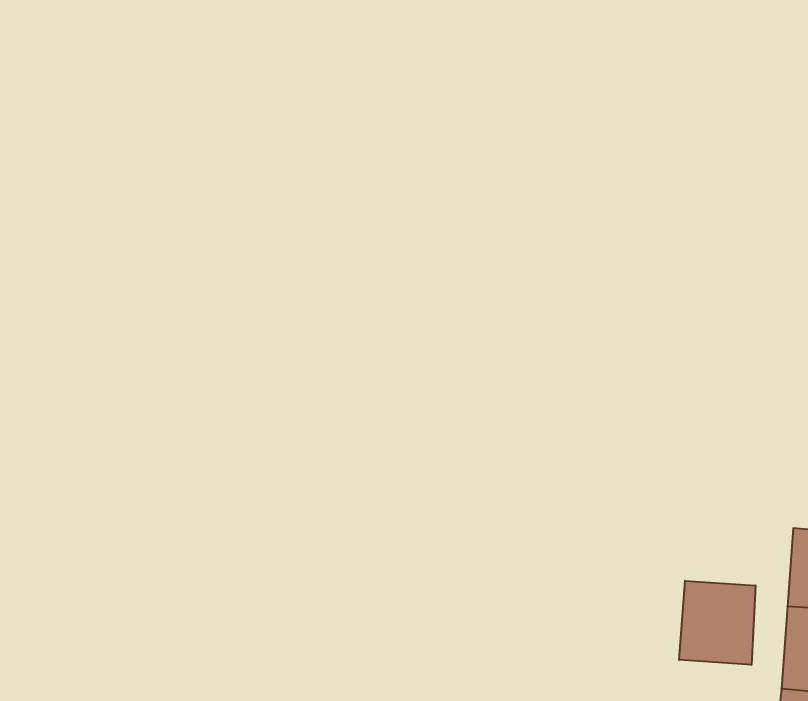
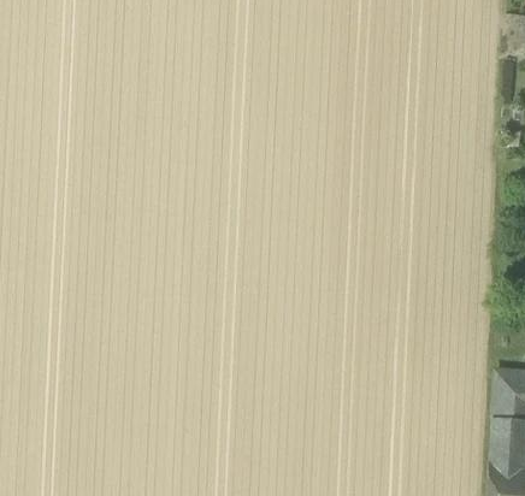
building: [679,581,756,665] -> none

